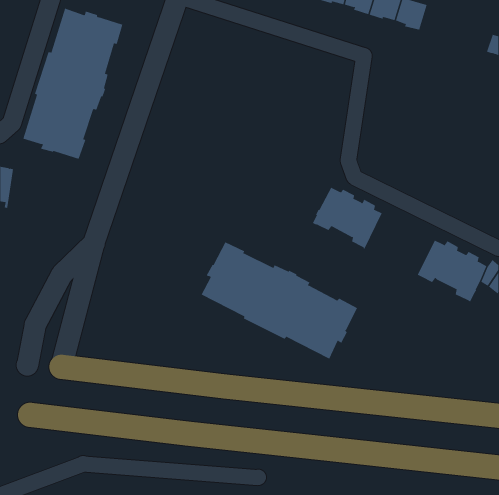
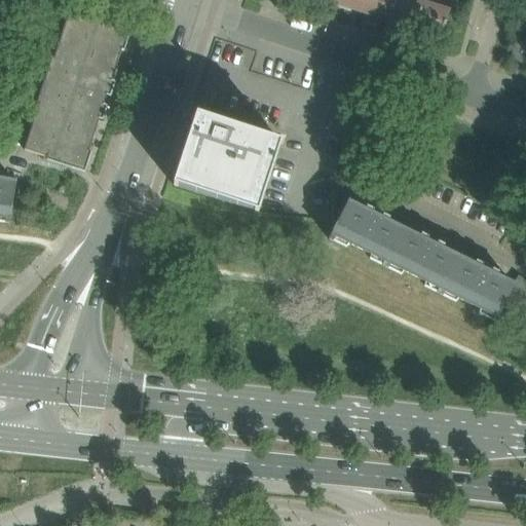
building: none -> [173,110,280,209]
building: none -> [383,224,456,289]
building: [201,242,358,360] -> none

